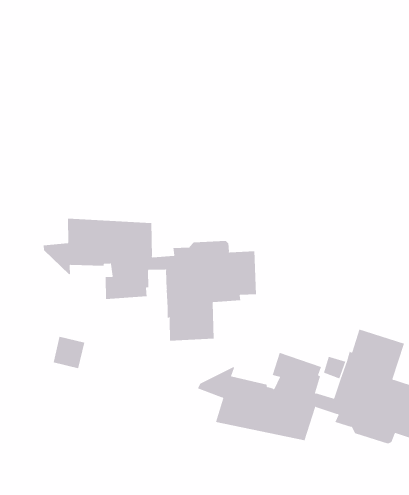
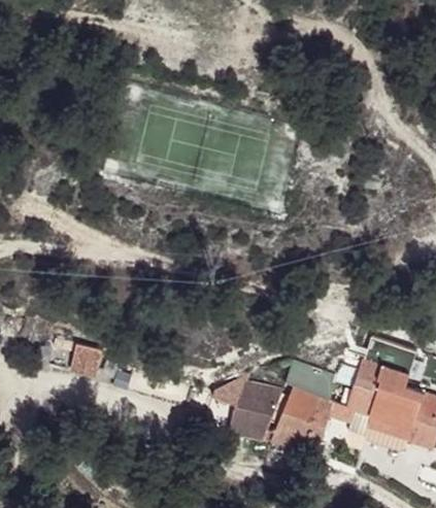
building: [43,218,256,342] -> none

